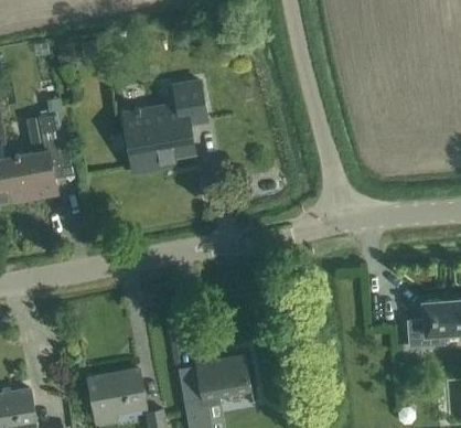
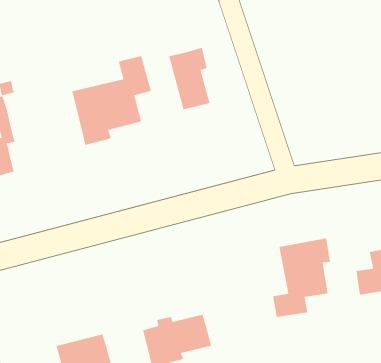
building: none -> [168,47,210,110]
building: none -> [272,238,331,318]

